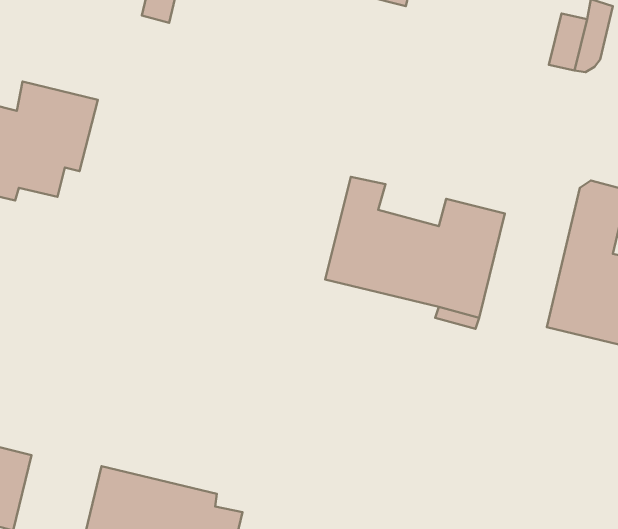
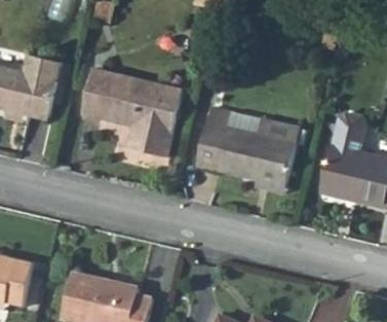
building: none -> [82,69,182,155]

